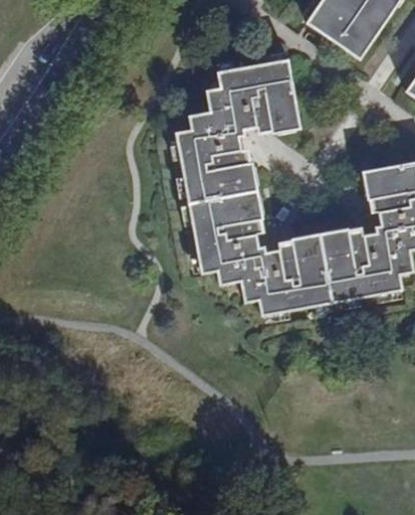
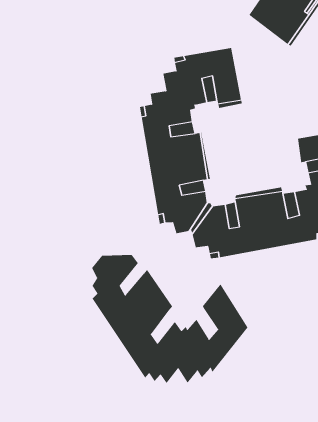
building: none -> [92,254,248,384]

